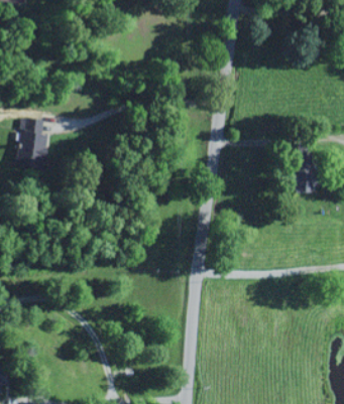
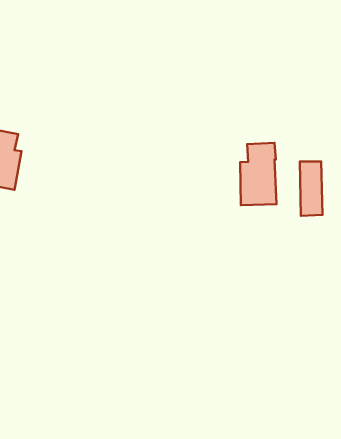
building: none -> [240,143,276,205]

